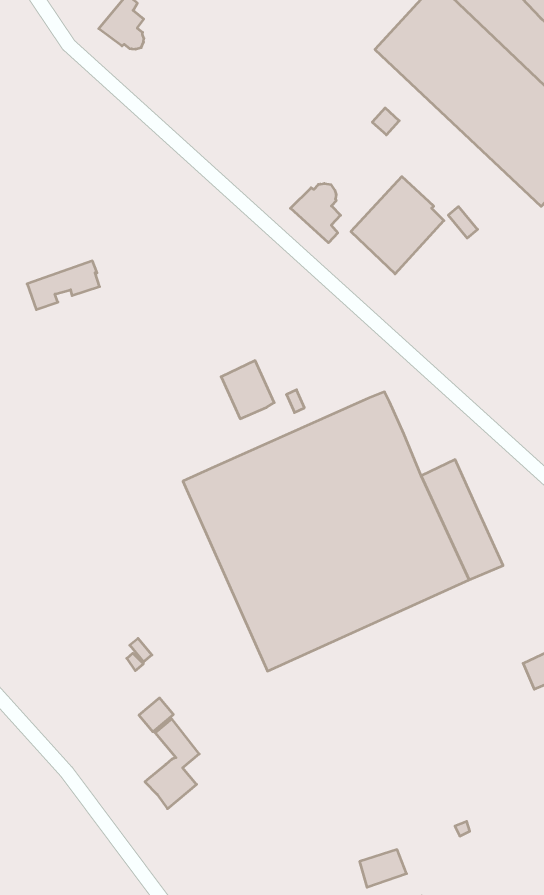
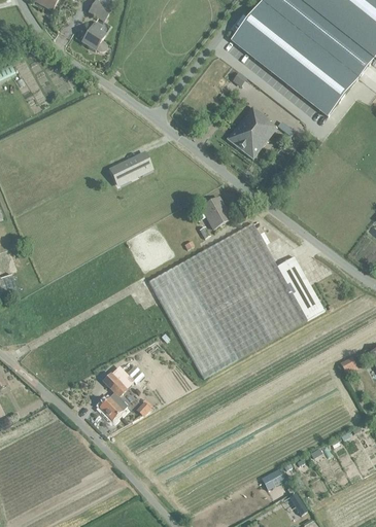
building: [290,183,341,243] -> none
building: [27,261,100,310] -> [111,153,150,182]
building: [221,361,274,419] -> [200,197,230,229]
building: [145,719,199,809] -> [98,372,126,420]

